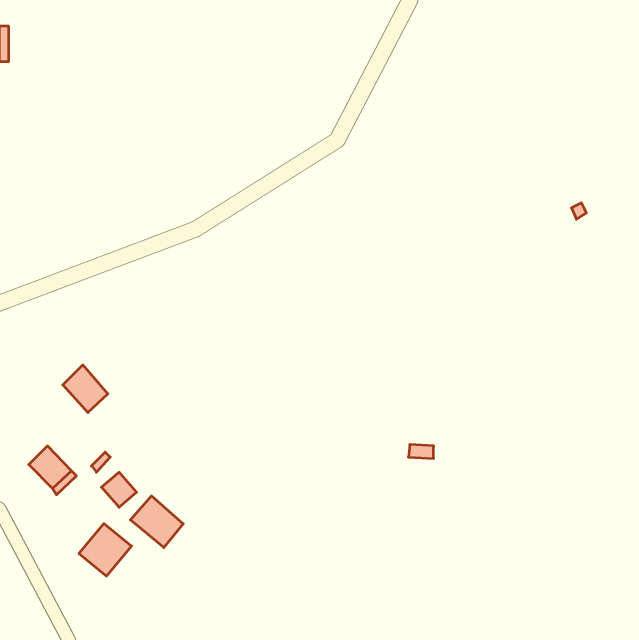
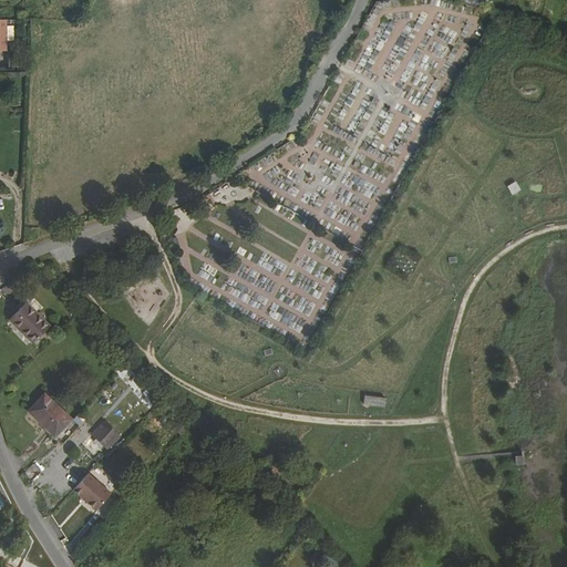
building: [63,365,108,413] -> [11,302,51,344]
building: [130,496,183,548] -> none

